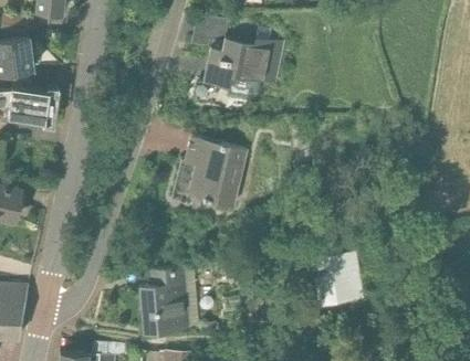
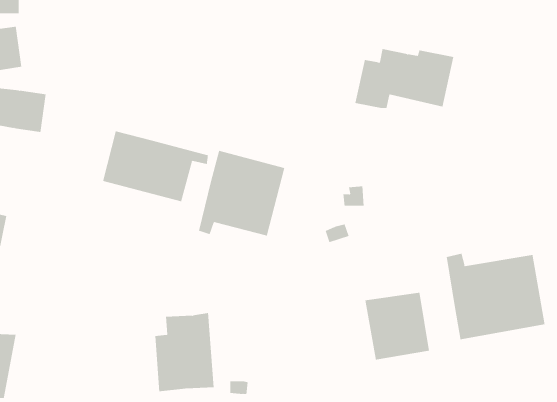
building: [203,39,284,87] -> [355,49,454,109]
building: none -> [103,130,209,202]
building: none -> [446,253,545,340]

